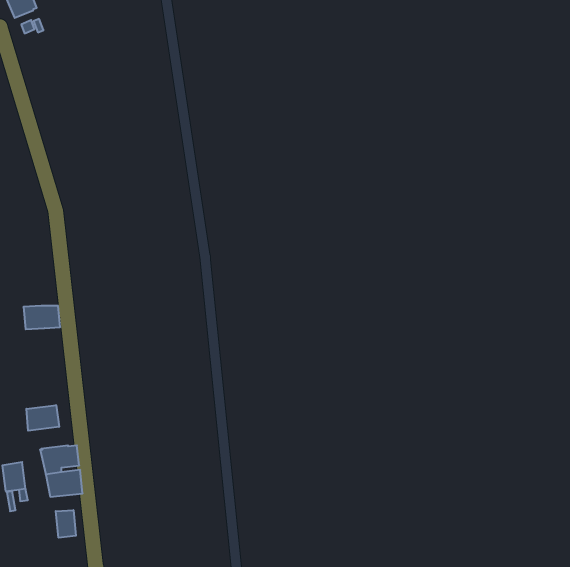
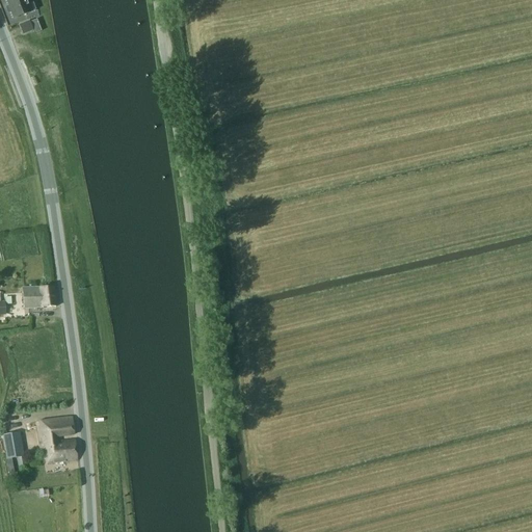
building: [26,405,59,431] -> none
building: [56,510,76,538] -> none

